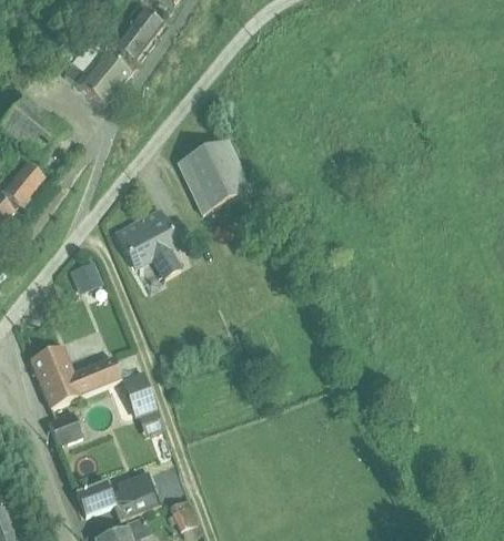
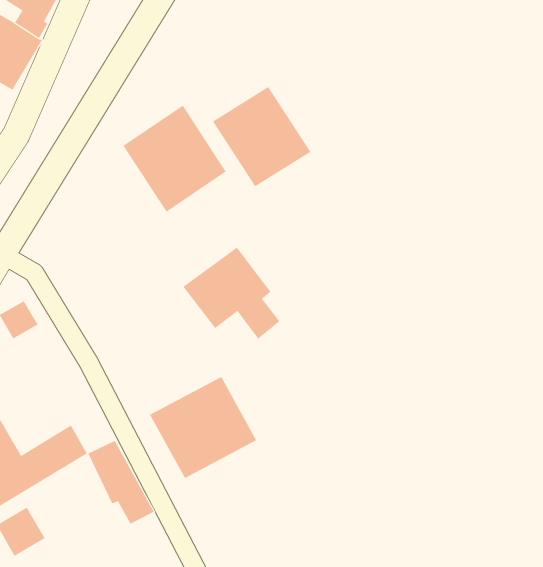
building: none -> [212,86,311,187]
building: [115,207,182,276] -> [183,247,280,340]
building: none -> [149,376,257,479]

